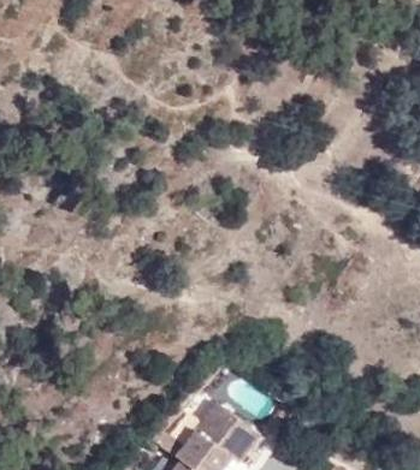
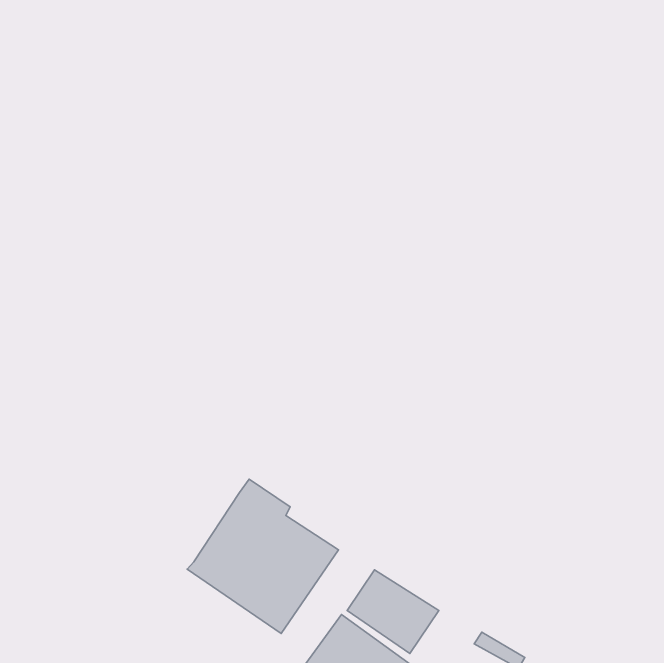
building: none -> [187,479,338,633]

